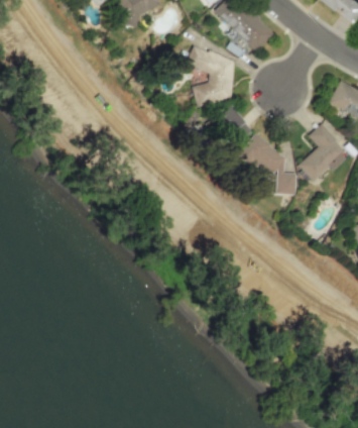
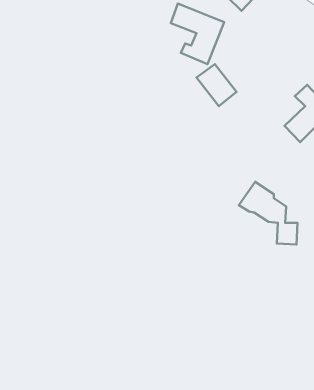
building: [236,133,293,195] -> [239,182,297,244]

